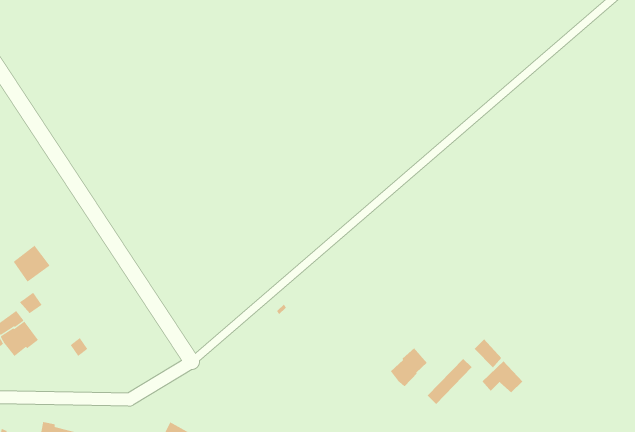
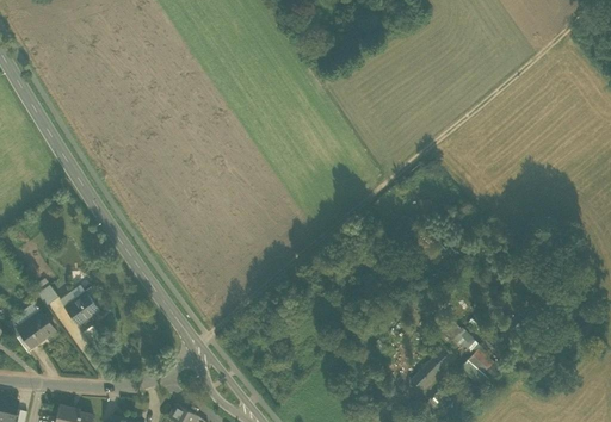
building: [13,245,51,282] -> [64,292,99,327]
building: [390,347,428,387] -> none

